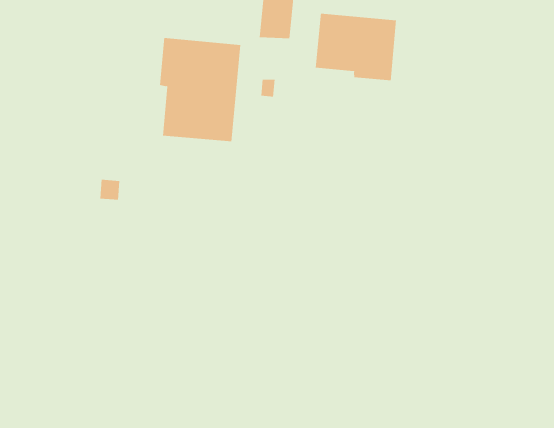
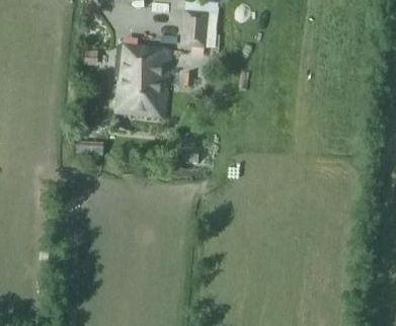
building: [315,13,397,81] -> none

